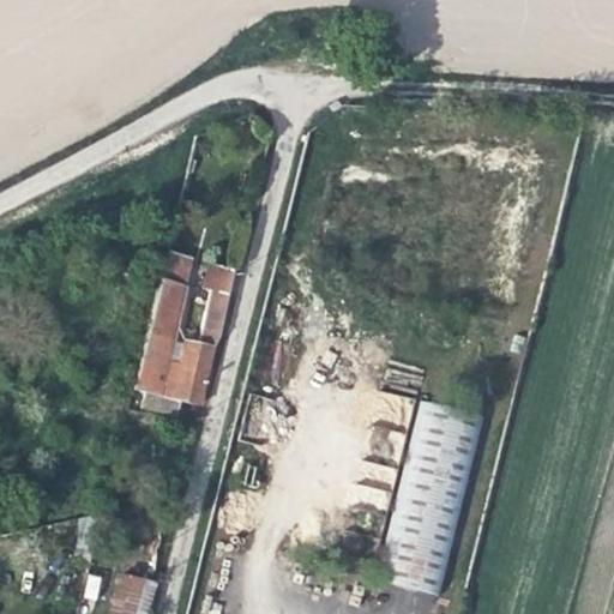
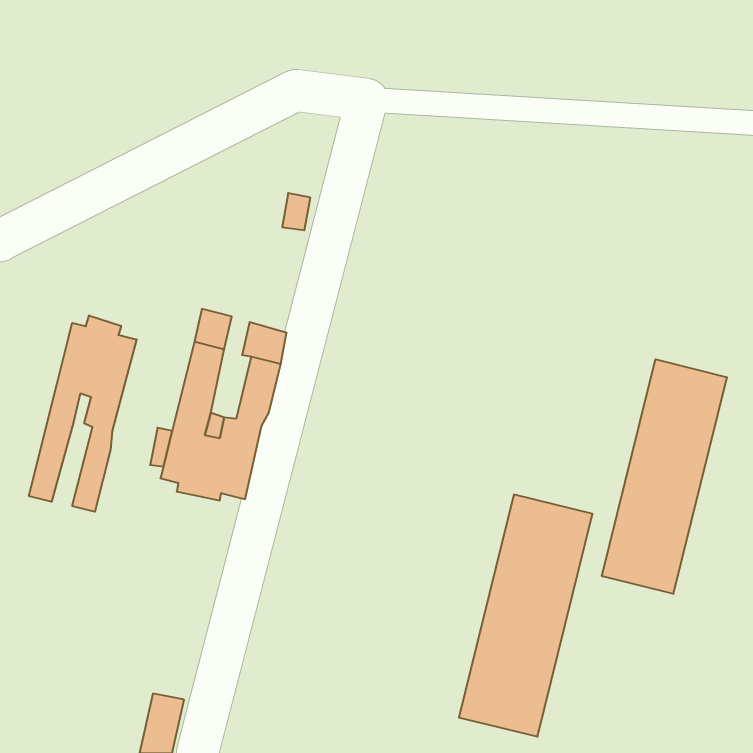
building: none -> [29,315,137,512]
building: none -> [602,359,727,594]

